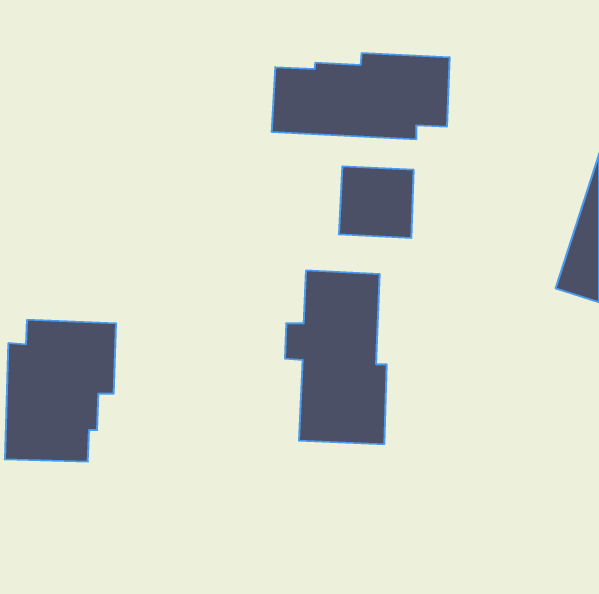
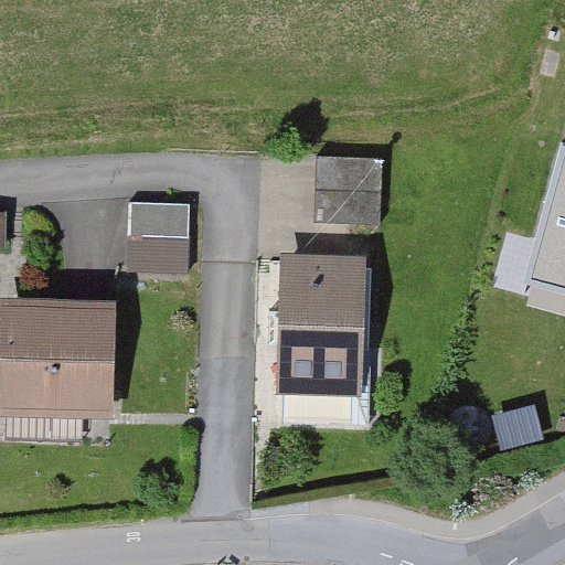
building: [272,53,449,139] -> none
building: none -> [127,196,190,268]

